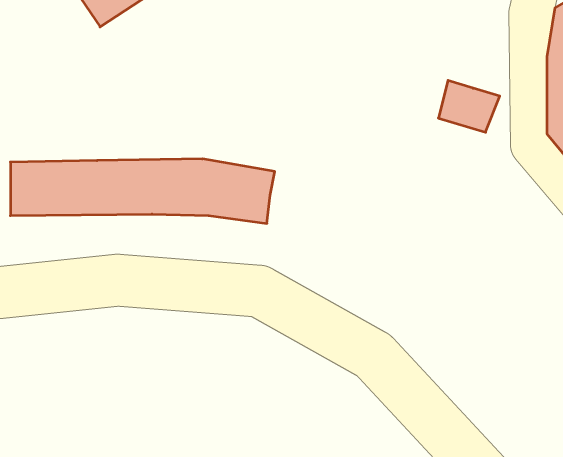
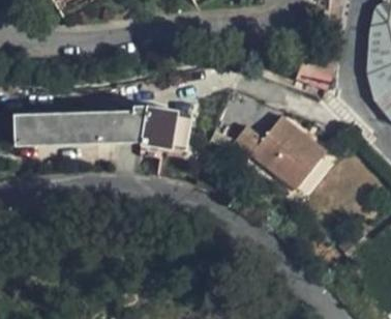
building: none -> [241,116,319,192]

